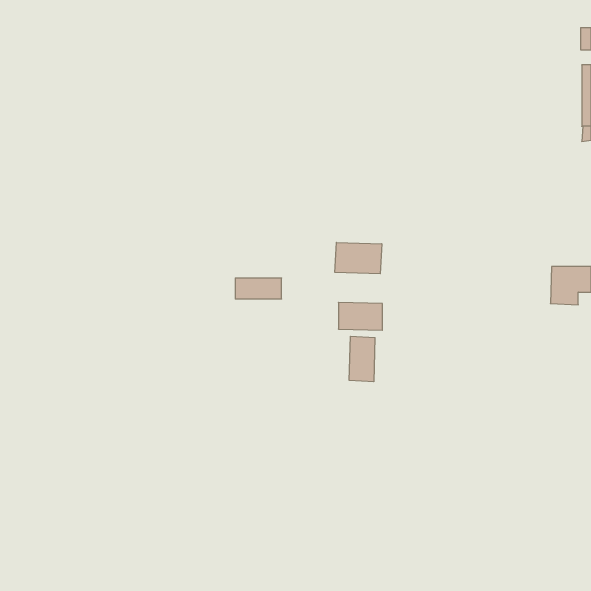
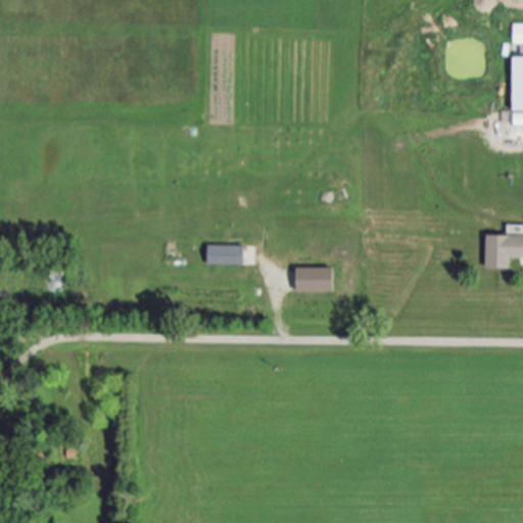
building: [335,242,382,274] -> none
building: [349,336,375,382] -> none

